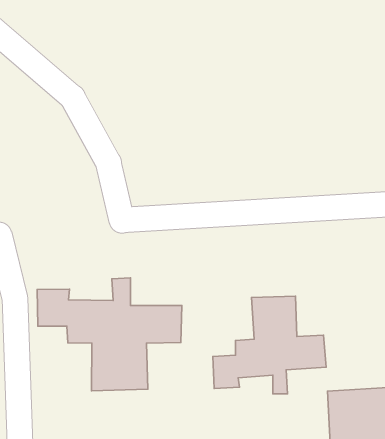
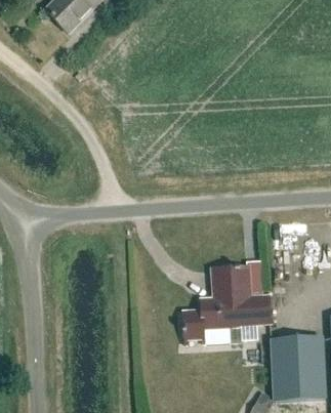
building: [37,278,182,391] -> none

